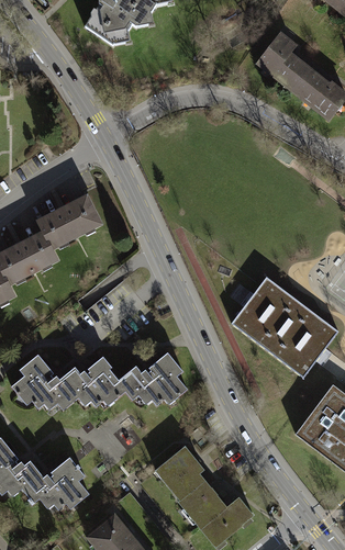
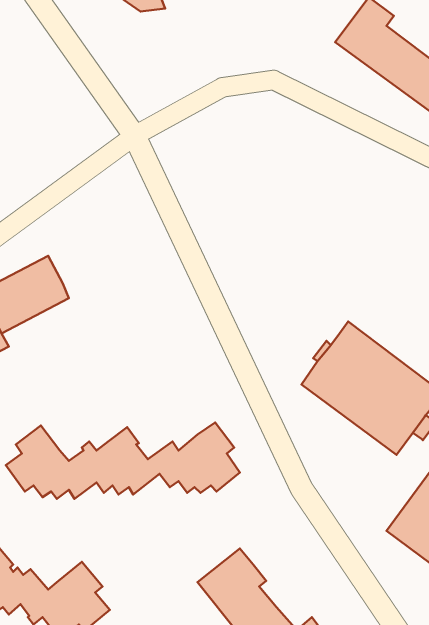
building: [36,191,102,248] -> none

